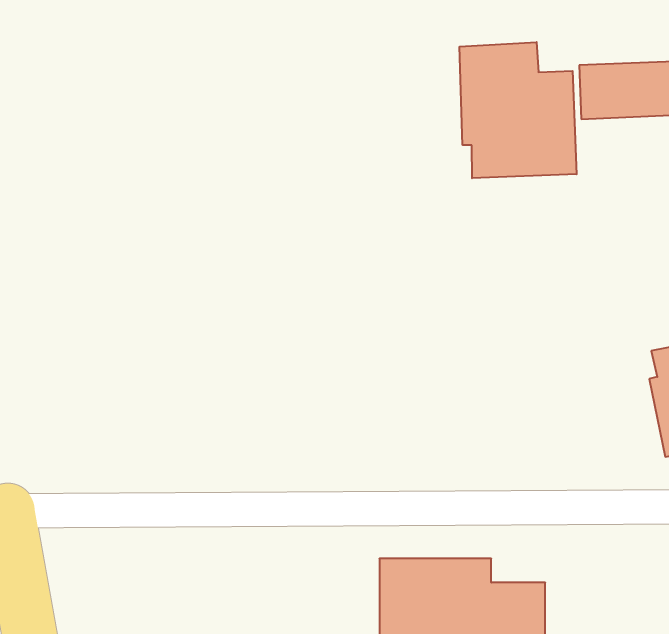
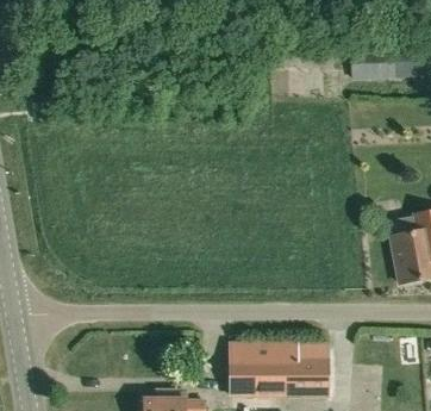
building: [460,42,577,178] -> none

